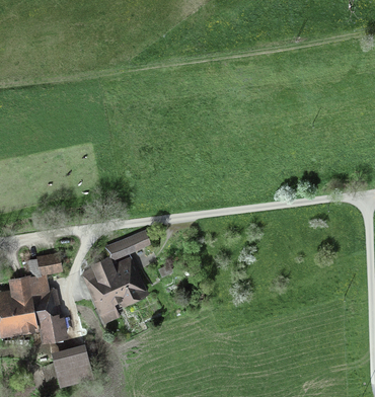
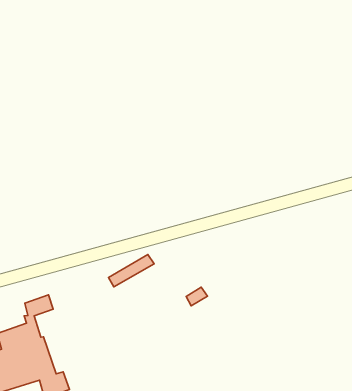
building: [89,258,139,315] -> none

